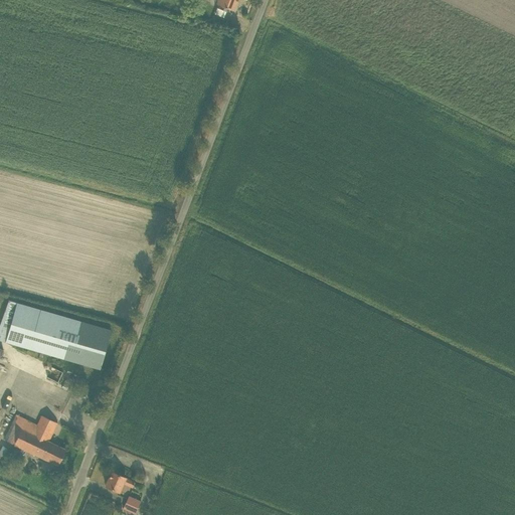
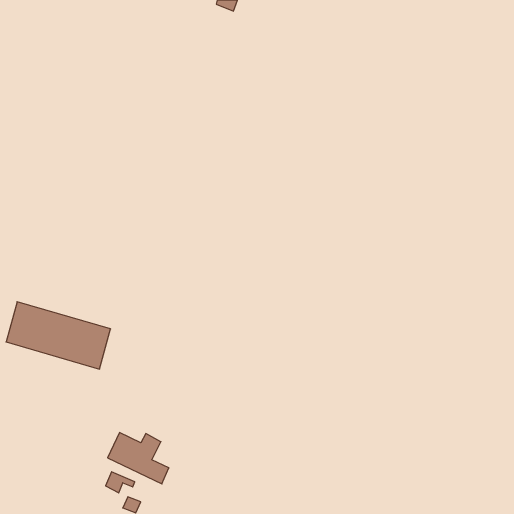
building: [4,414,65,466] -> [108,433,169,484]

